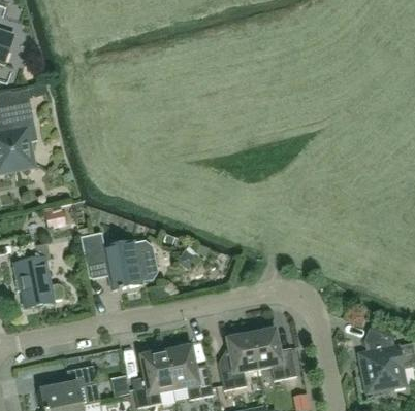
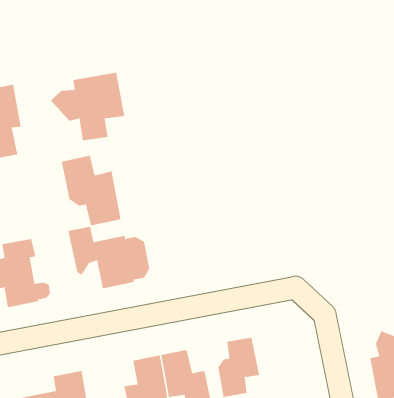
building: none -> [50,72,125,141]
building: none -> [61,155,121,226]
building: [250,329,296,380] -> none

